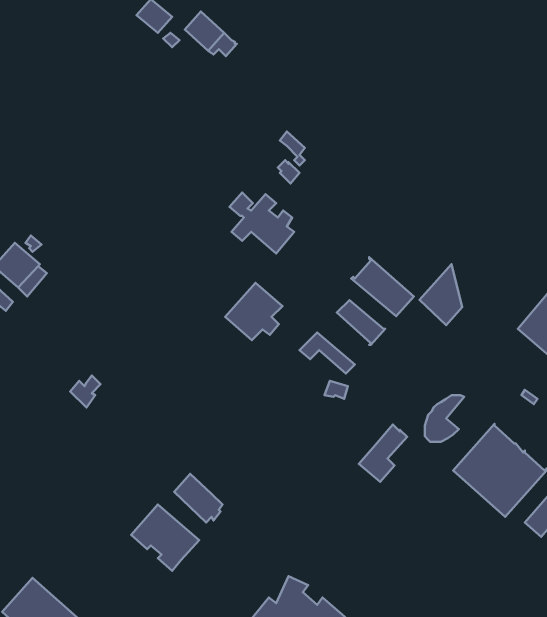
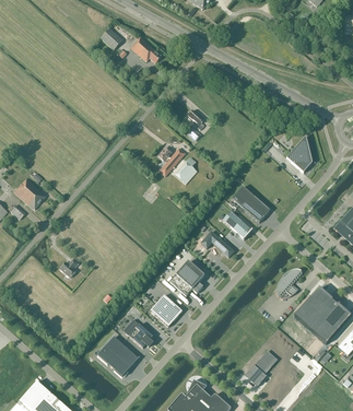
building: [419,264,462,325] -> [286,134,313,172]
building: [225,283,282,340] -> [169,260,204,295]
building: [359,424,407,482] -> [245,350,274,385]
building: none -> [150,294,183,326]

